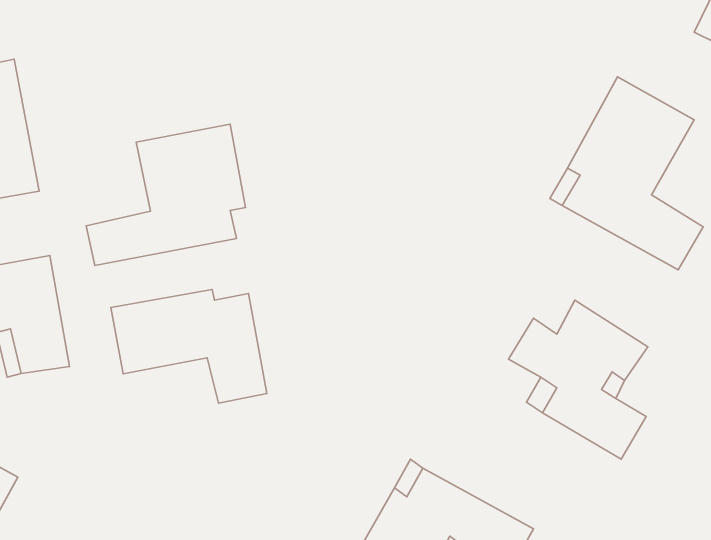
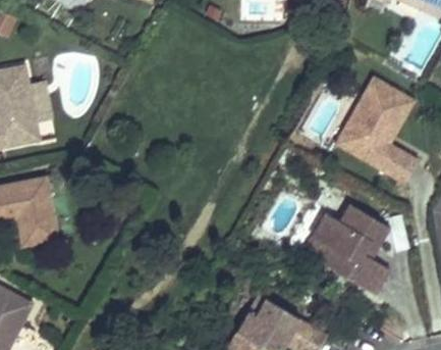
building: [86,124,245,265] -> none
building: [111,289,267,403] -> none

